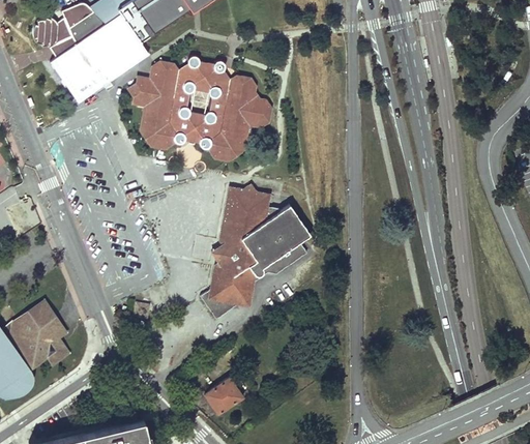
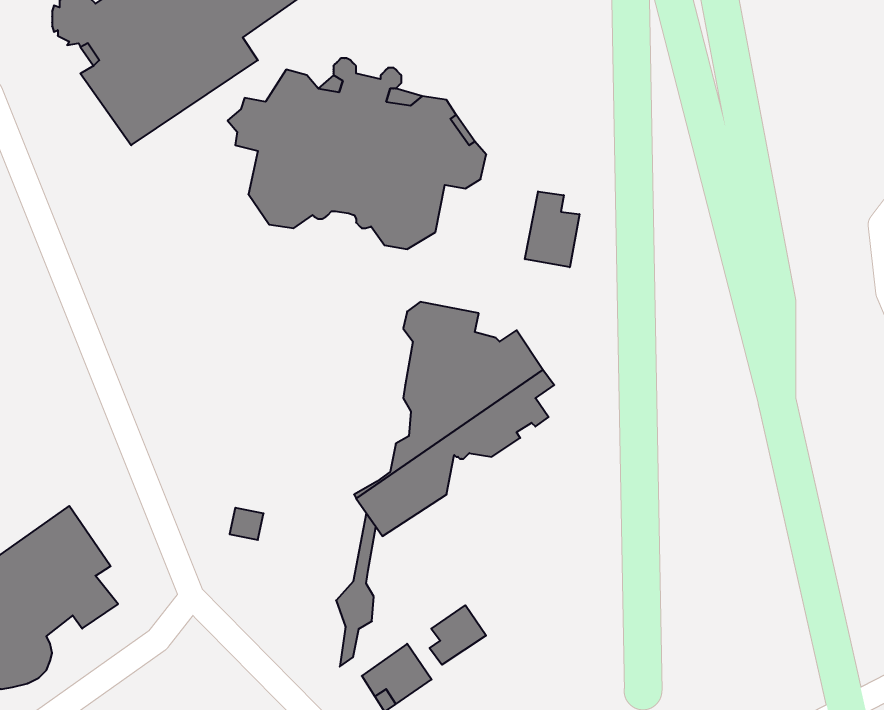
building: none -> [525,191,579,267]
building: [210,204,232,288] -> [336,514,376,667]
building: none -> [430,605,486,665]

